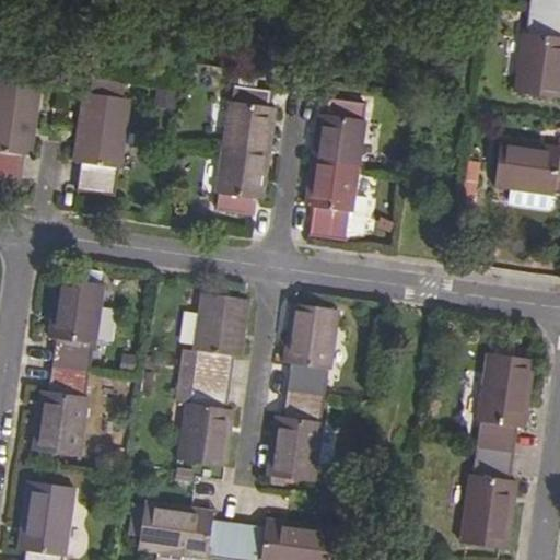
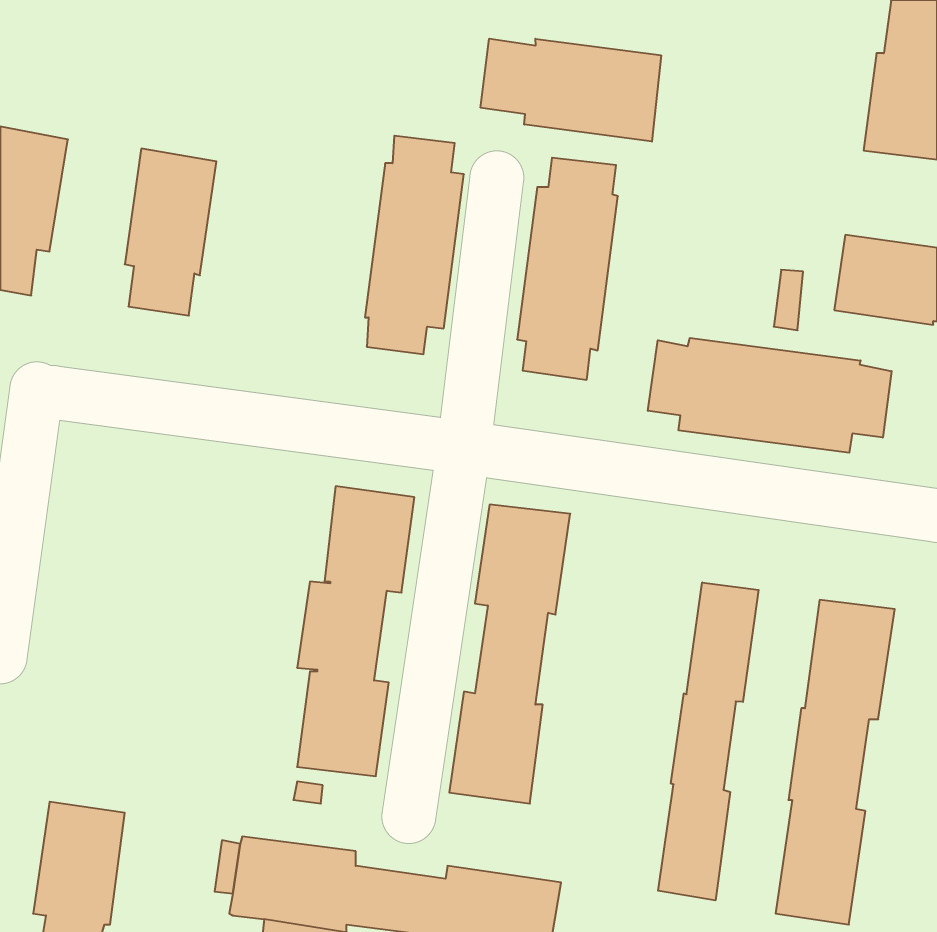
building: none -> [481,39,661,142]
building: none -> [648,338,892,453]
building: [34,278,103,456] -> none
building: none -> [658,582,759,900]

